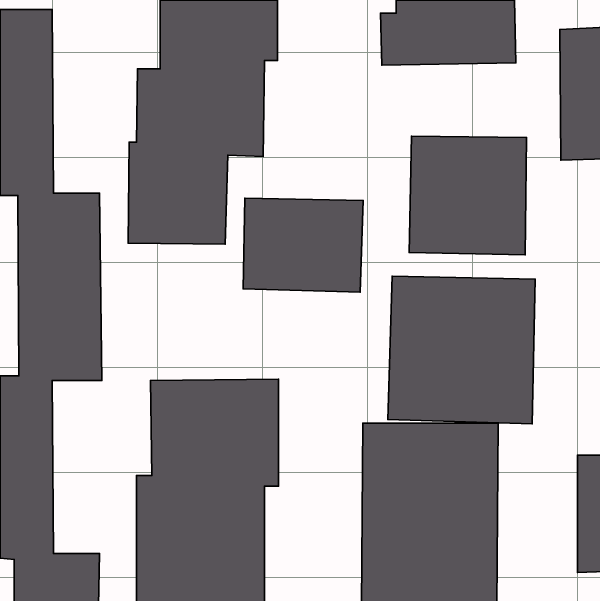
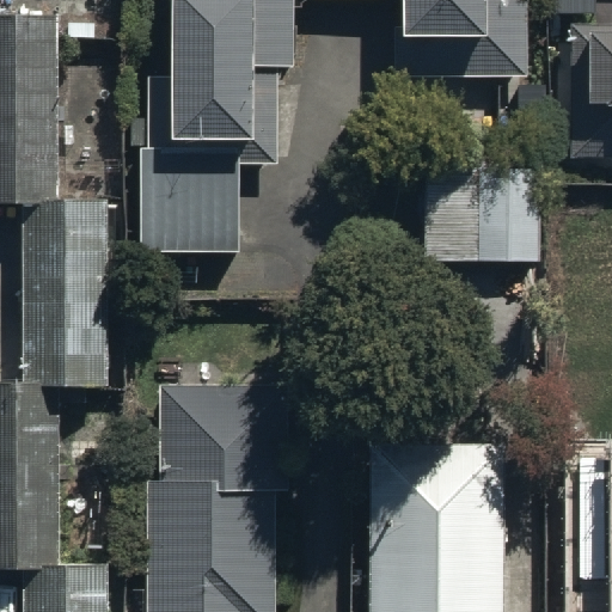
building: [243,198,363,292] -> none
building: [388,276,535,424] -> none

